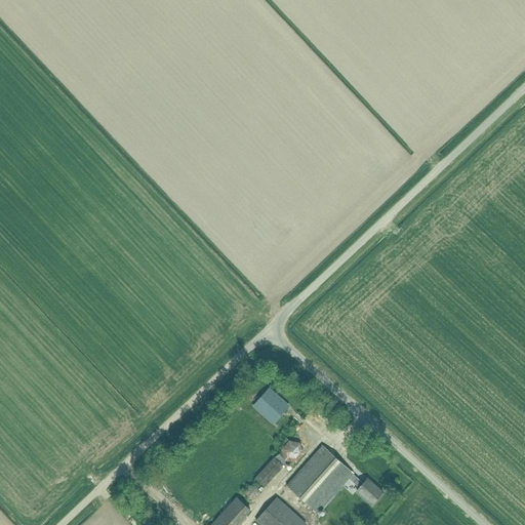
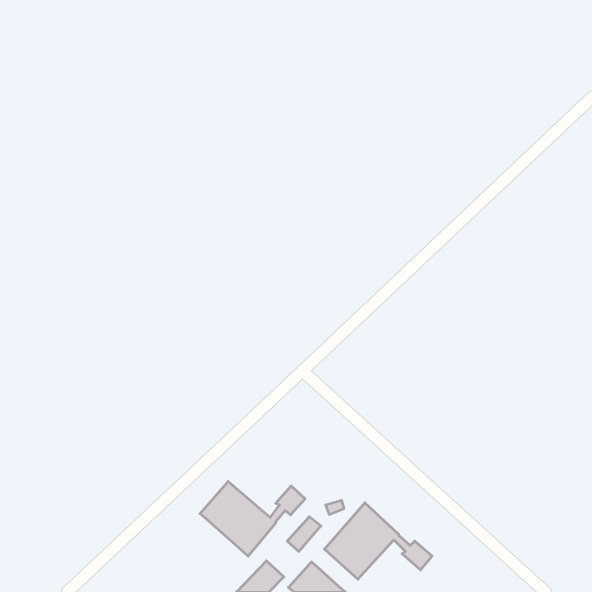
building: [255,391,287,421] -> none
building: none -> [200,481,305,556]

